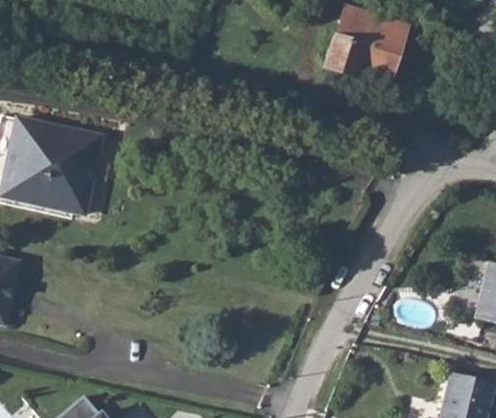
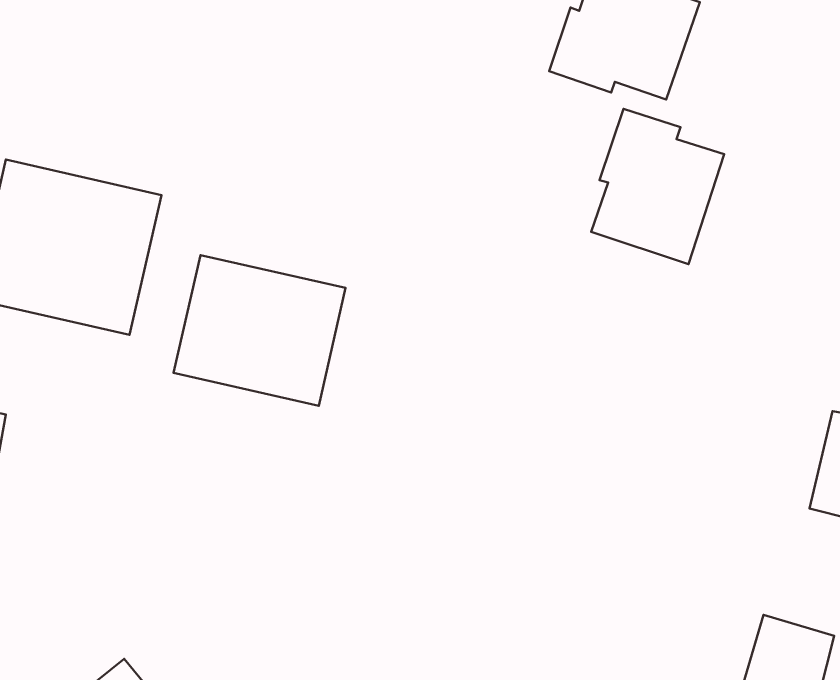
building: none -> [591,109,724,264]
building: none -> [174,255,346,406]

